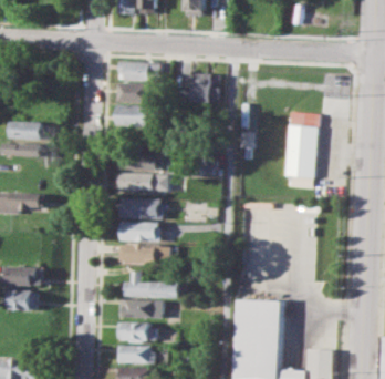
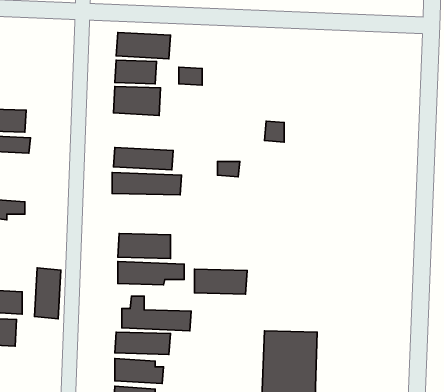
building: [191,73,219,104] -> none
building: [281,112,314,178] -> none
building: [122,198,164,218] -> [194,269,247,294]
building: none -> [34,268,61,319]

